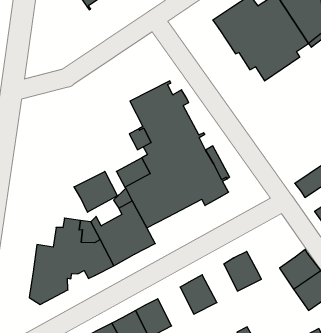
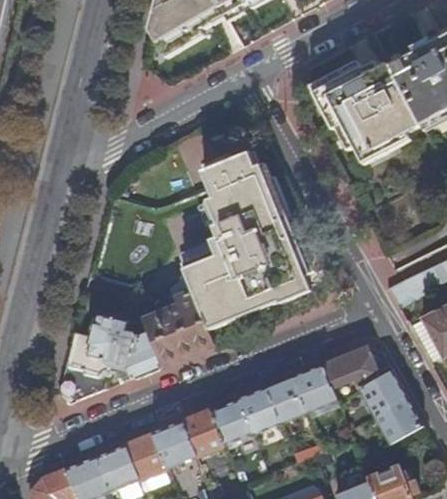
building: [74,171,118,212] -> none
building: none -> [323,346,380,388]
building: none -> [267,376,307,421]
building: none -> [211,398,252,443]

